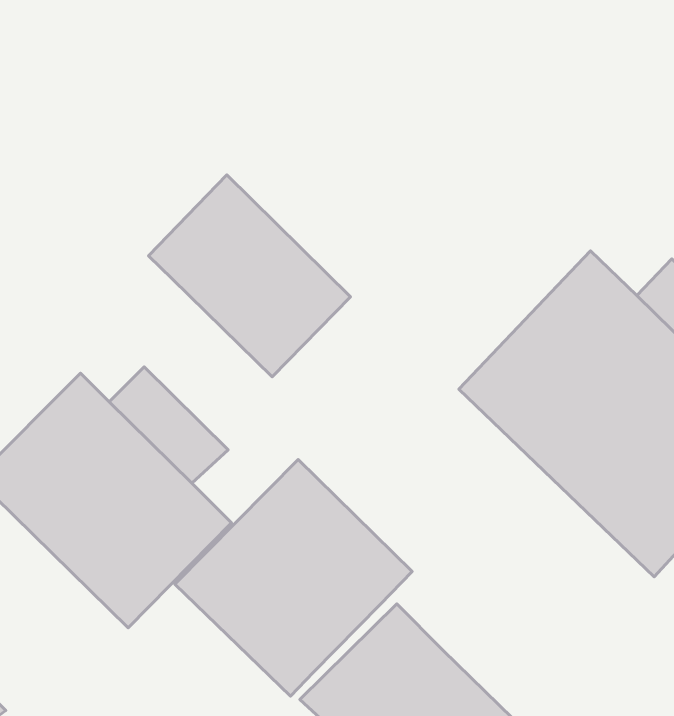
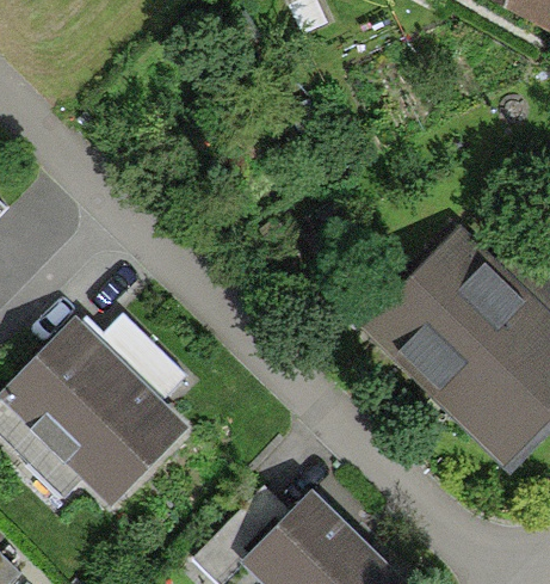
building: [149,175,350,377] -> none
building: [175,459,412,696] -> none

